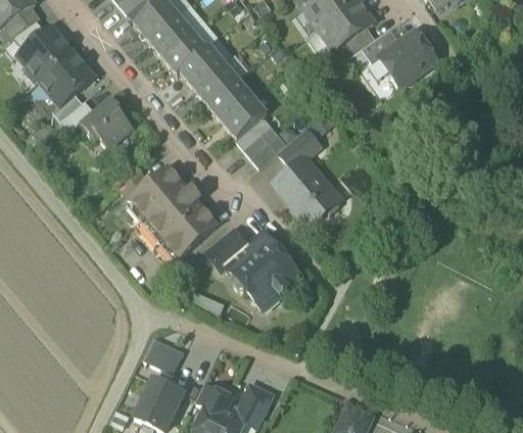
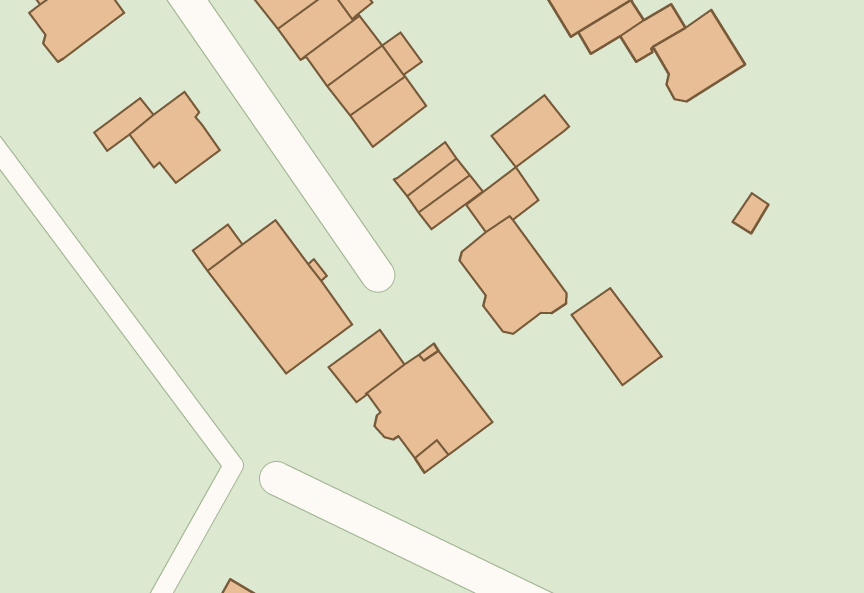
building: [39,51,94,104] -> none
building: [222,95,267,138] -> [491,95,569,167]
building: none -> [571,288,662,385]
building: [143,337,183,374] -> none

